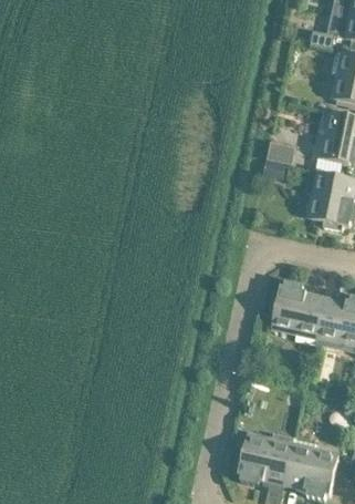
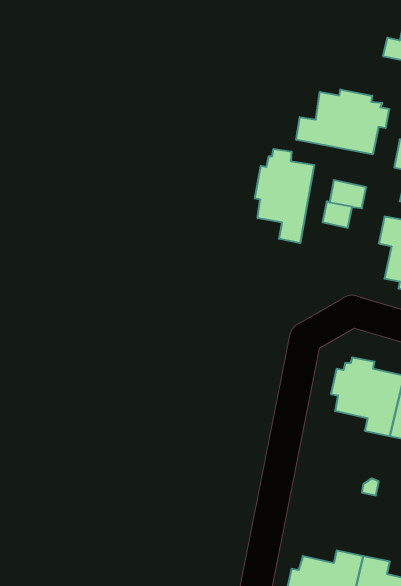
building: none -> [296,89,389,154]
building: none -> [255,149,314,243]

